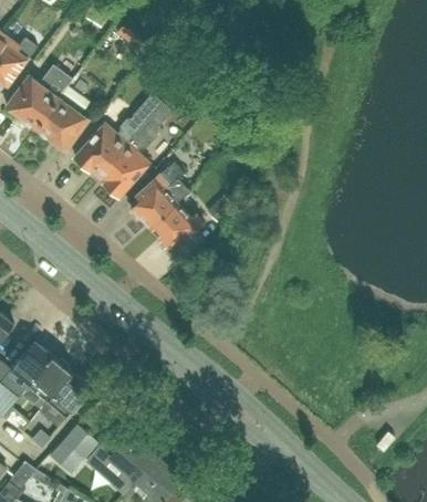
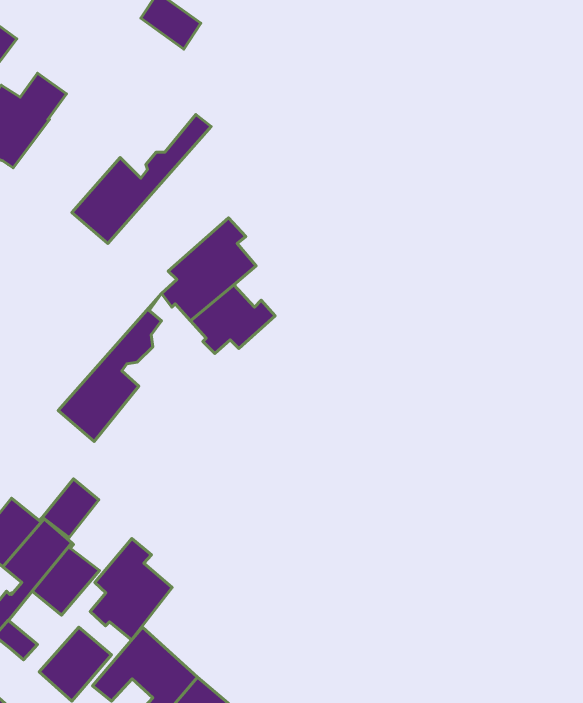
building: [35,98,88,151] -> none
building: [96,103,163,198] -> [58,293,161,441]
building: none -> [43,479,99,538]
building: none -> [90,538,172,640]

